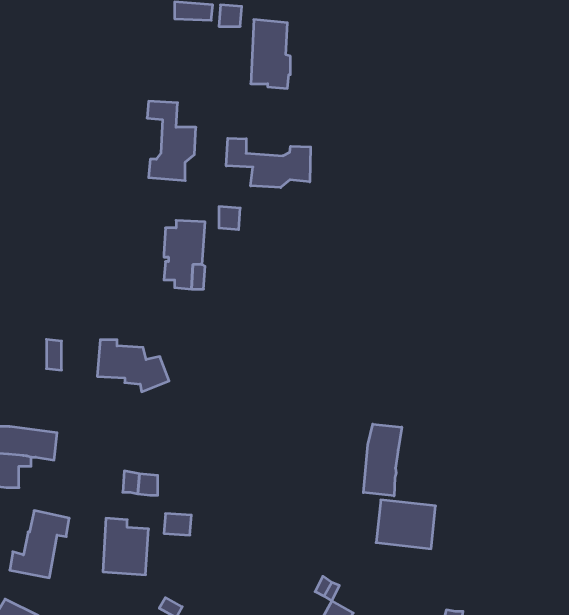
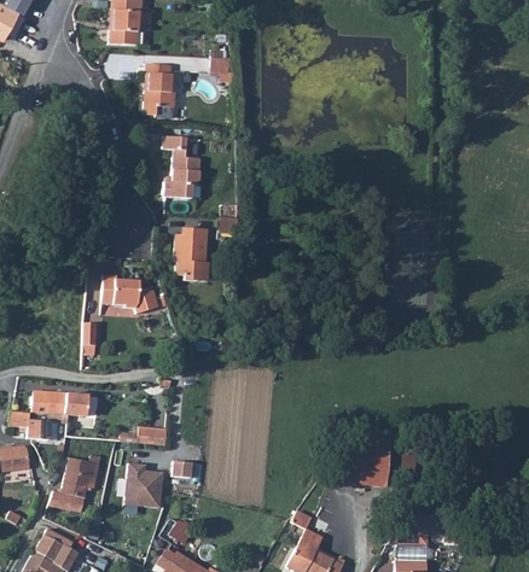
building: [251,20,290,88] -> [146,64,178,118]
building: [226,138,311,188] -> none
building: [97,340,169,392] -> [99,275,156,316]
building: [363,424,402,496] -> none

